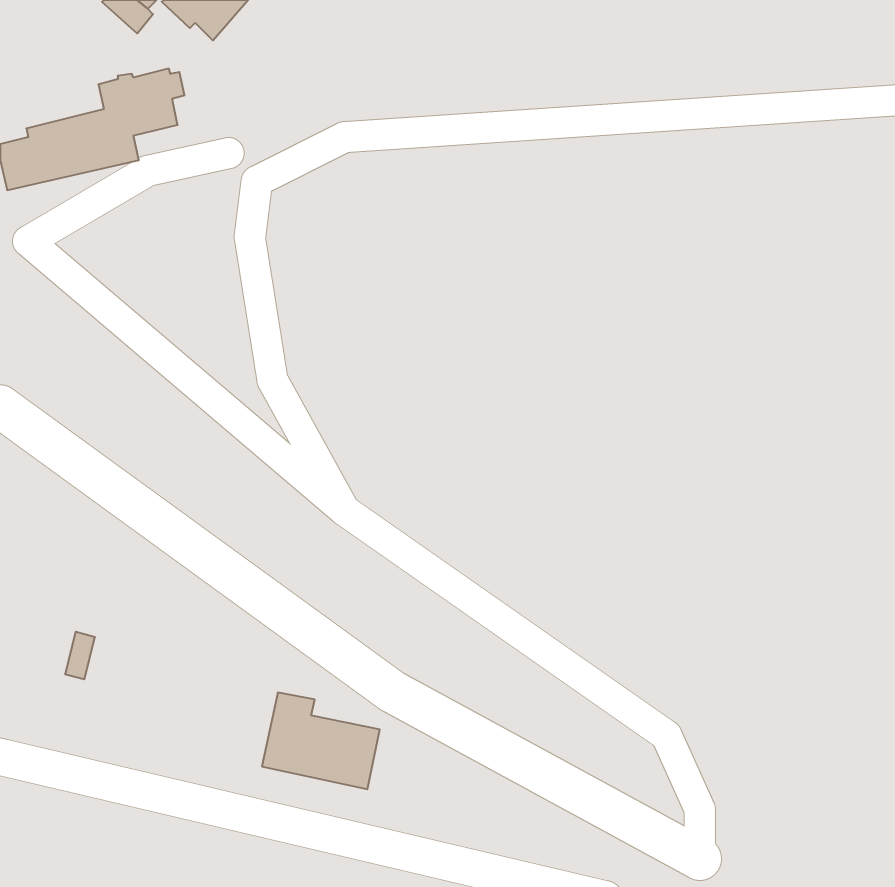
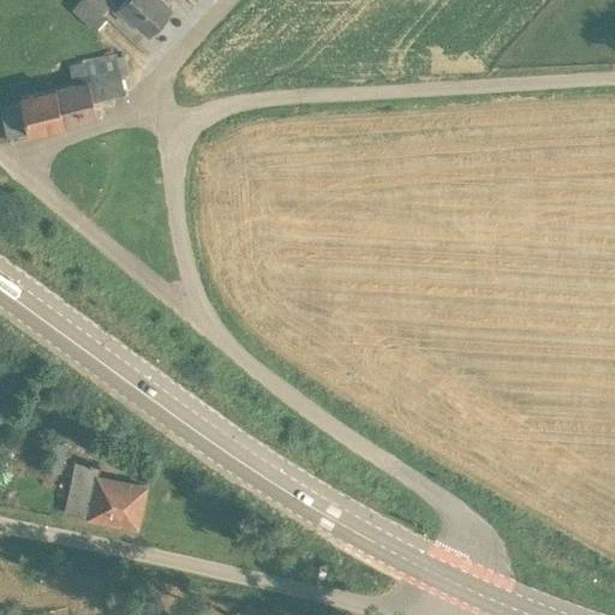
building: [262,693,380,789] -> [65,461,145,527]

